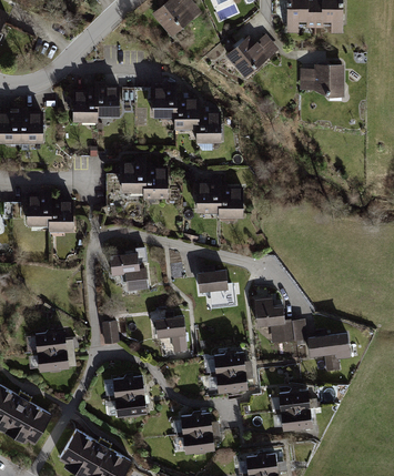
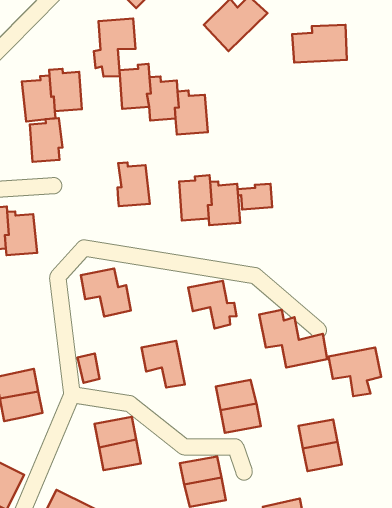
building: none -> [94,18,135,77]
building: [122,159,148,193] -> [30,118,63,162]
building: none -> [238,184,272,209]

